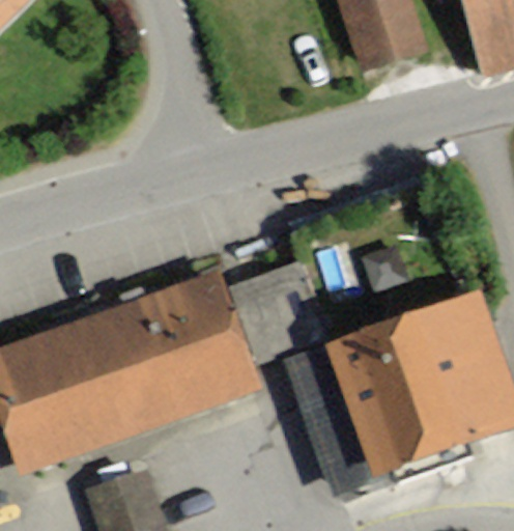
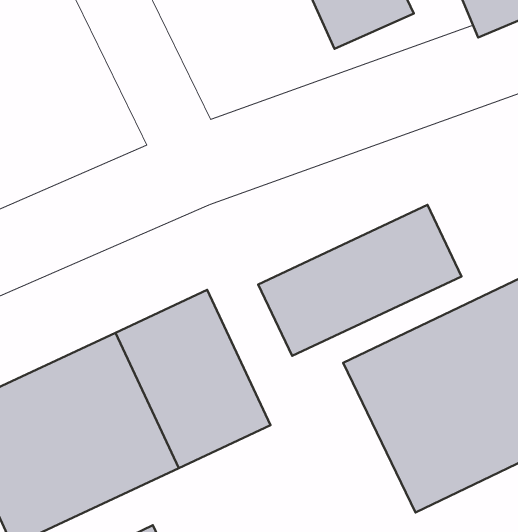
building: none -> [258,205,461,356]

